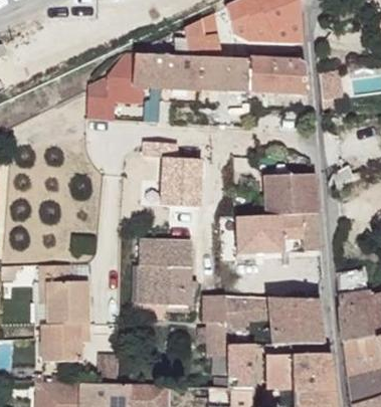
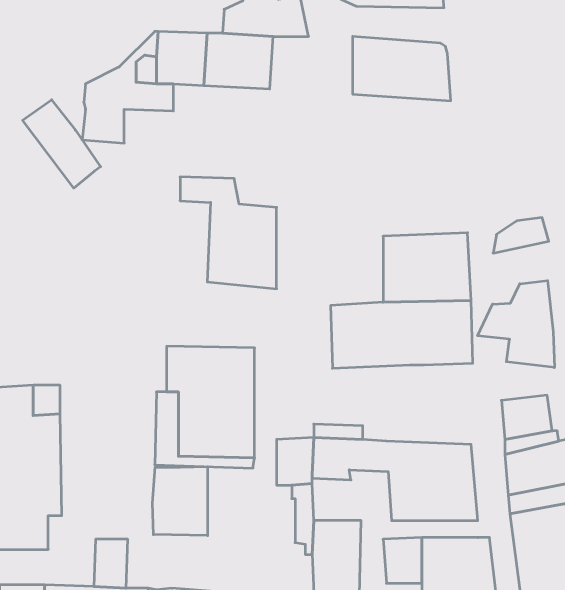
building: [200,57,249,91] -> none
building: none -> [23,100,101,188]
building: none -> [478,281,554,368]
building: none -> [152,467,208,536]

